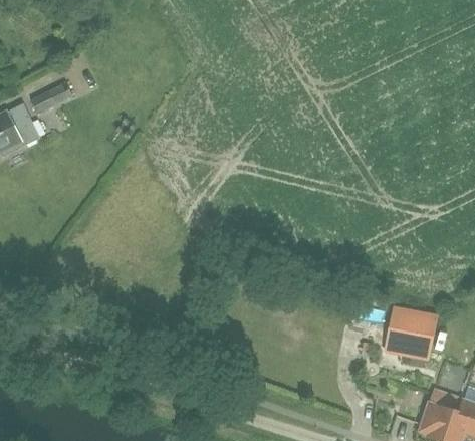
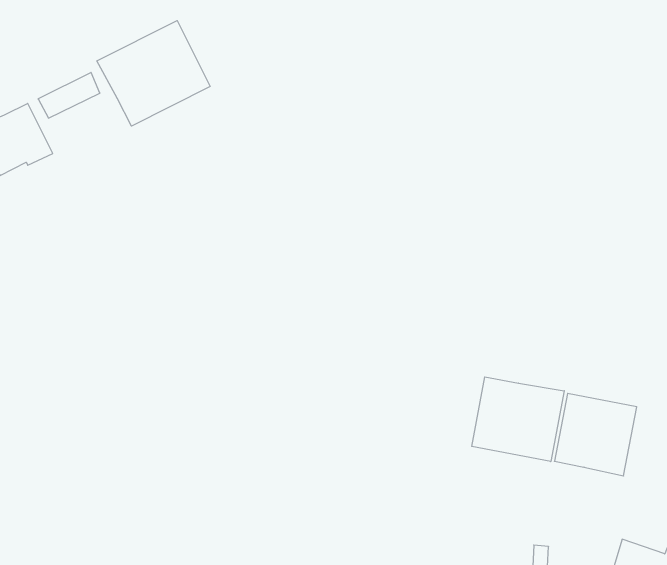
building: none -> [97,21,210,126]
building: none -> [472,377,564,462]

